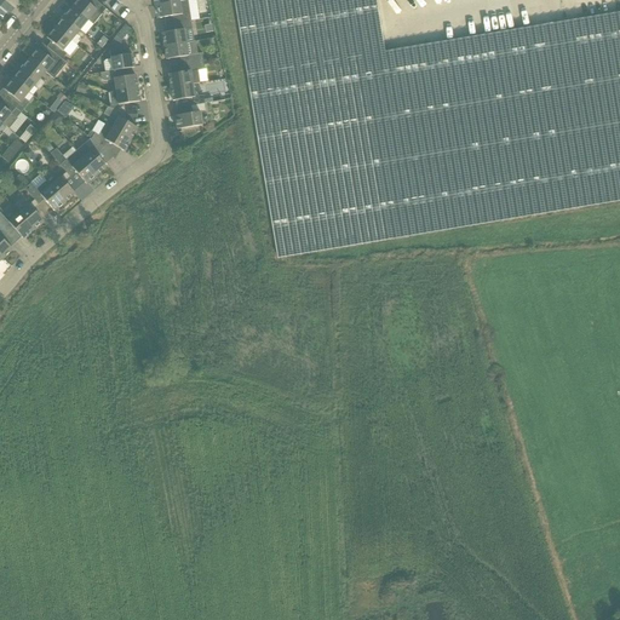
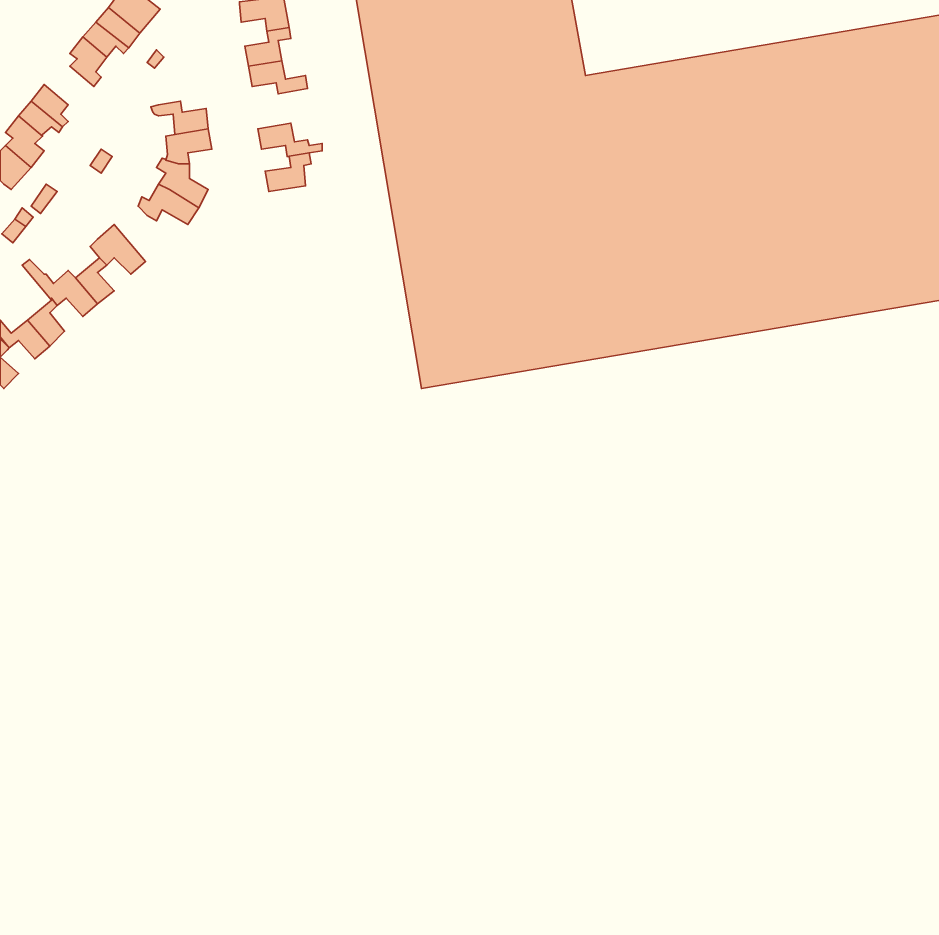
building: [104,22,136,69] -> none
building: [30,44,67,75] -> none
building: [170,58,205,85] -> none
building: [76,136,108,172] -> none

